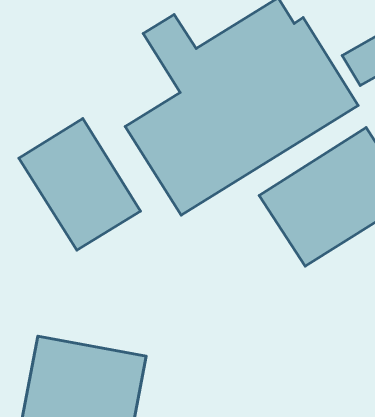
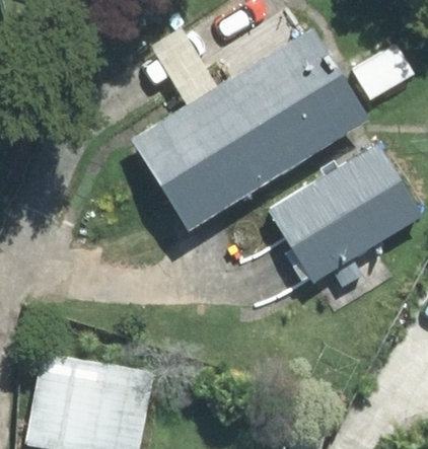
building: [19,119,140,250] -> none

